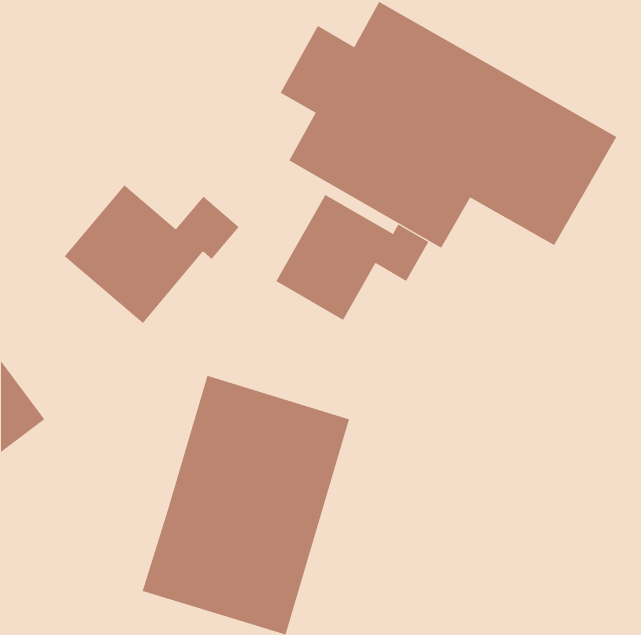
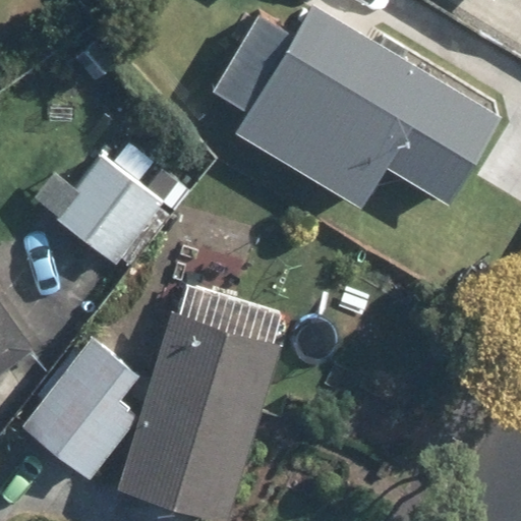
building: [276,194,429,321] -> none
building: none -> [19,337,137,477]

